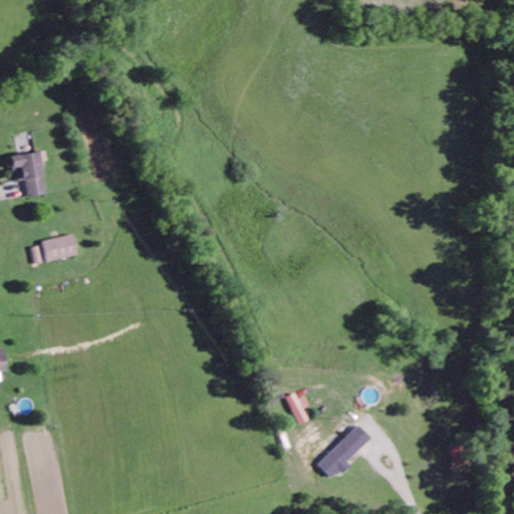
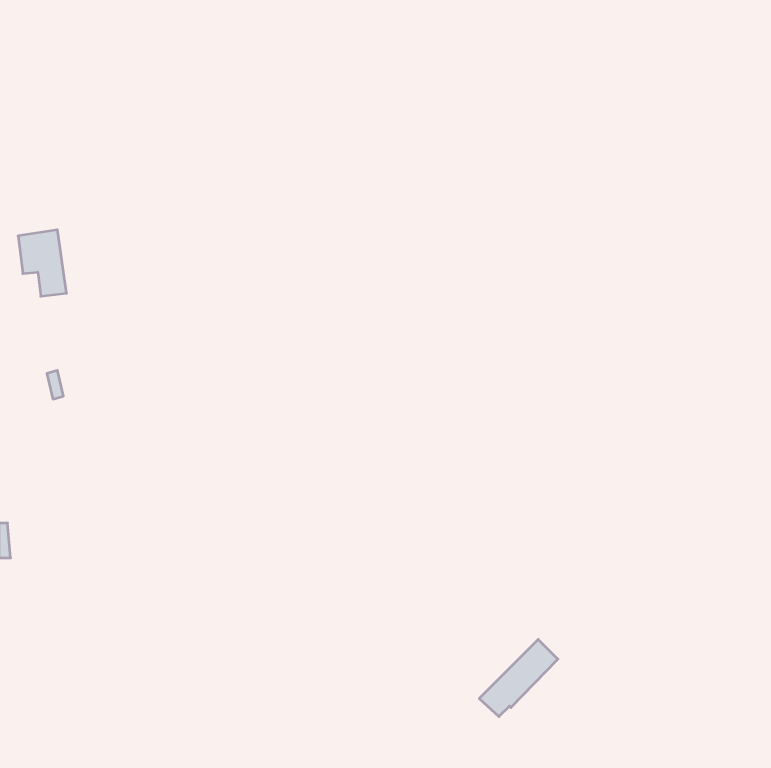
building: [42,235,76,262] -> none
building: [287,392,308,425] -> none

